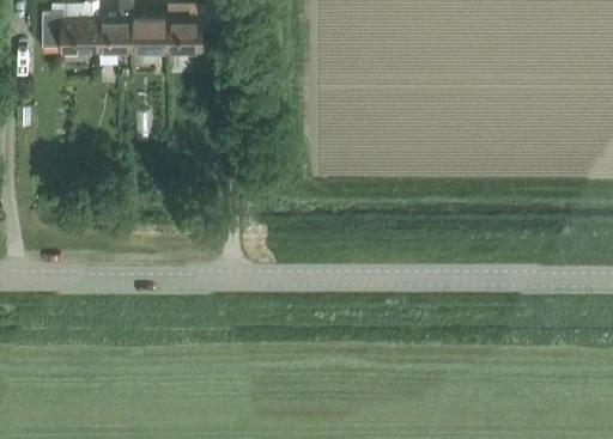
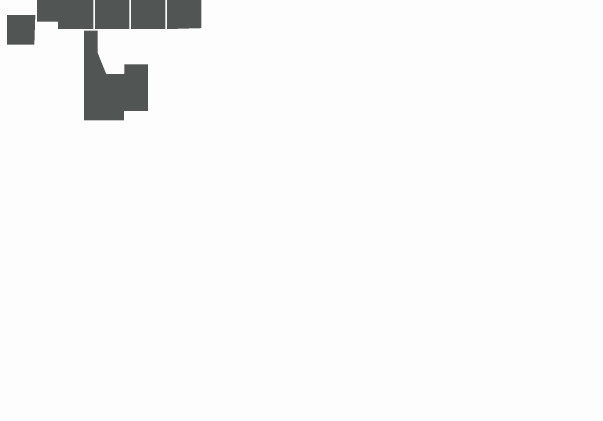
building: none -> [6,14,36,46]
building: none -> [83,30,149,121]

